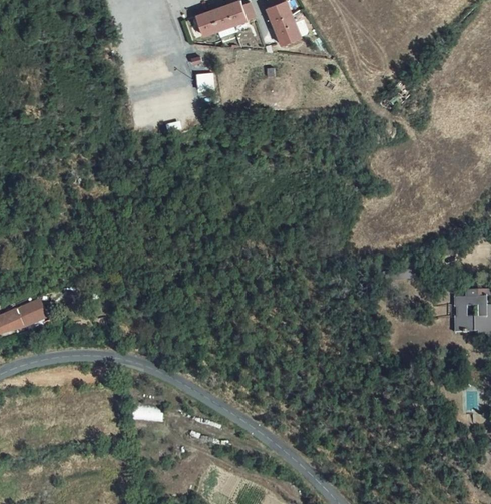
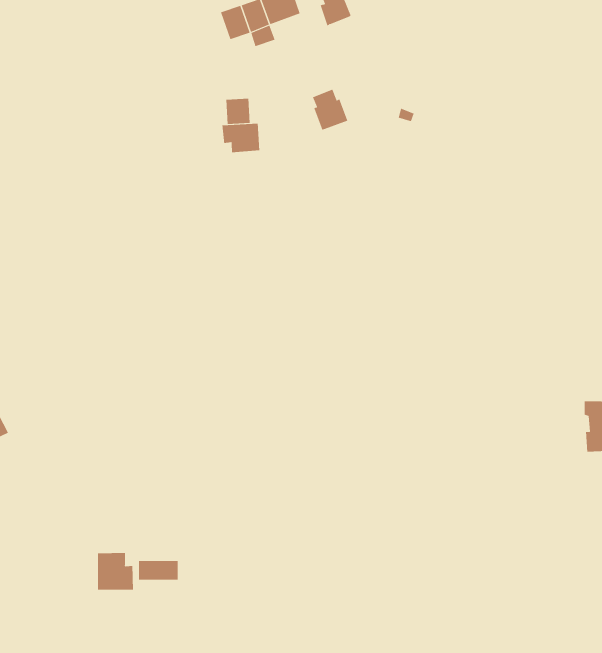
building: [273,16,299,46] -> [312,89,348,131]
building: none -> [222,123,260,153]
building: none -> [97,552,133,591]

